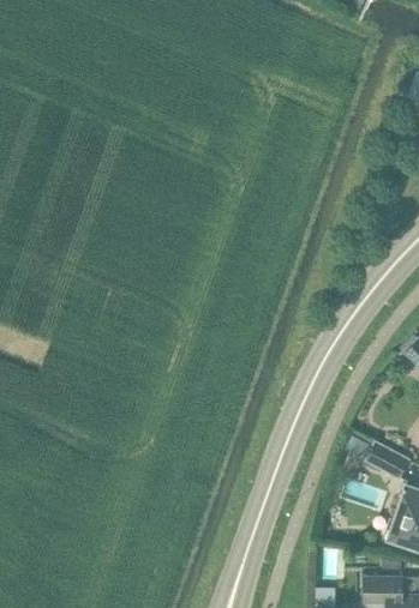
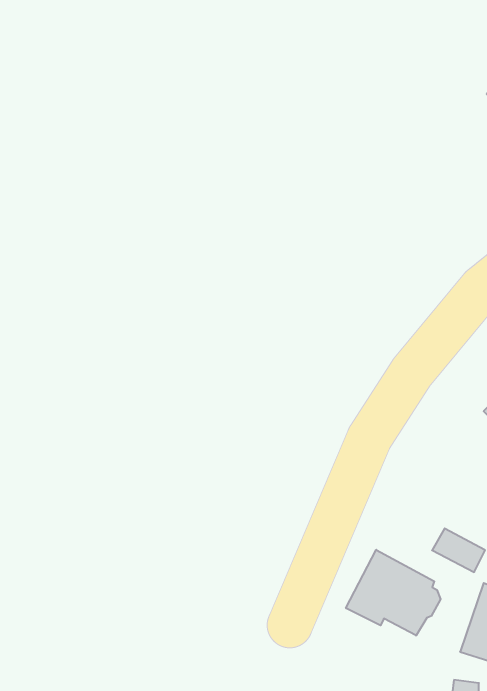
building: none -> [346,550,441,636]

